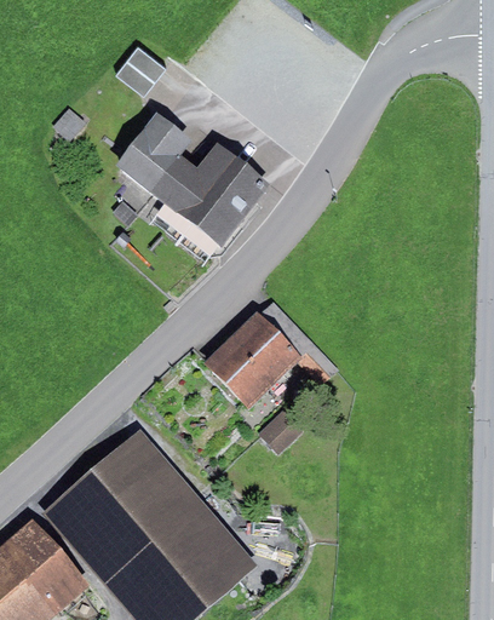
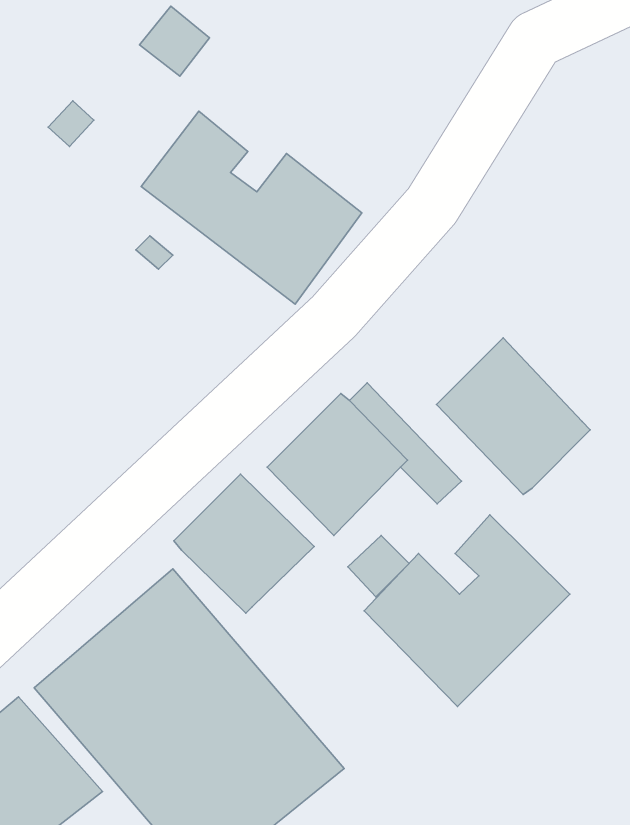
building: none -> [436,338,590,495]
building: none -> [174,474,314,613]
building: none -> [364,515,570,707]

